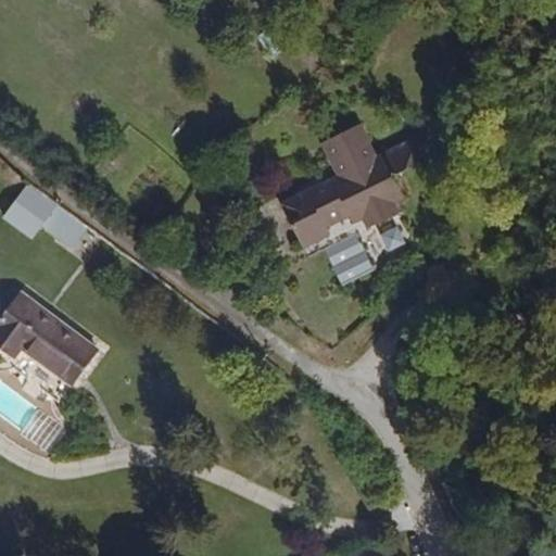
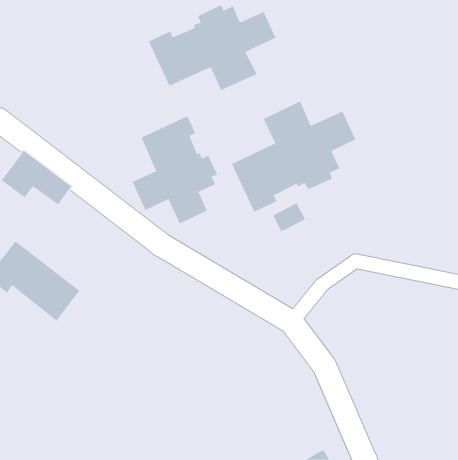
building: none -> [148,5,276,91]
building: none -> [132,115,217,224]

